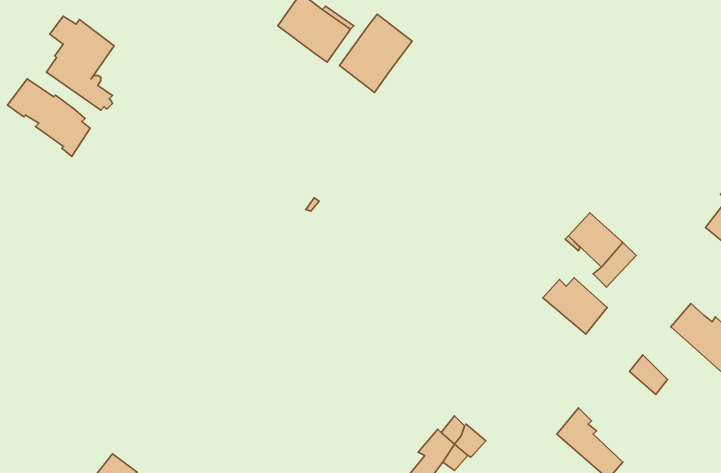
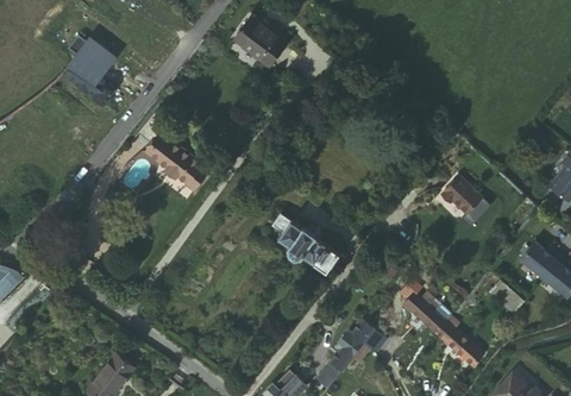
building: [339,14,412,93] -> none
building: [7,79,90,156] -> [138,139,197,195]
building: none -> [274,213,341,270]
building: [543,278,607,334] -> [403,294,450,334]

